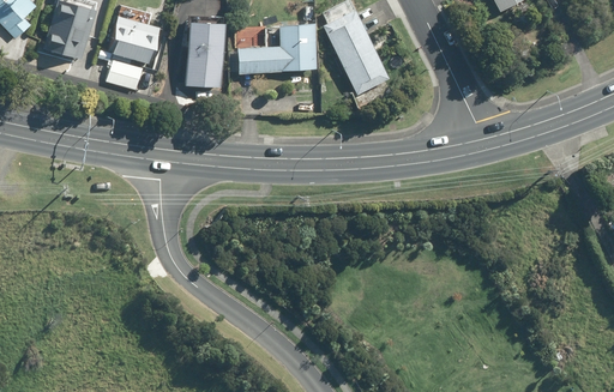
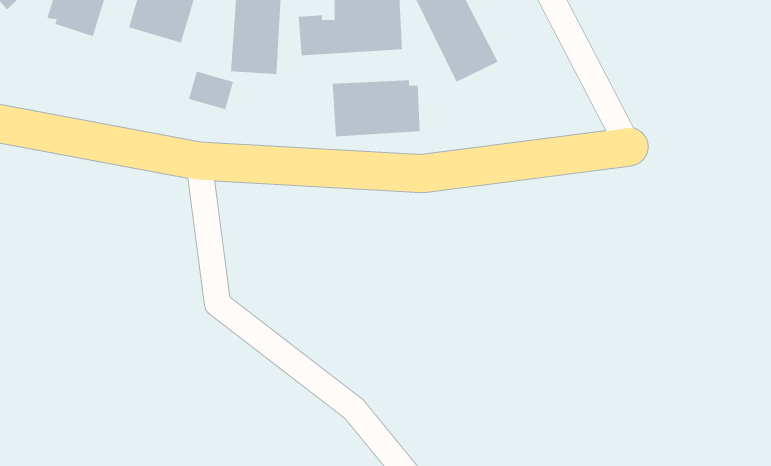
building: [106,60,140,90] -> [188,71,234,110]
building: none -> [332,79,420,137]

